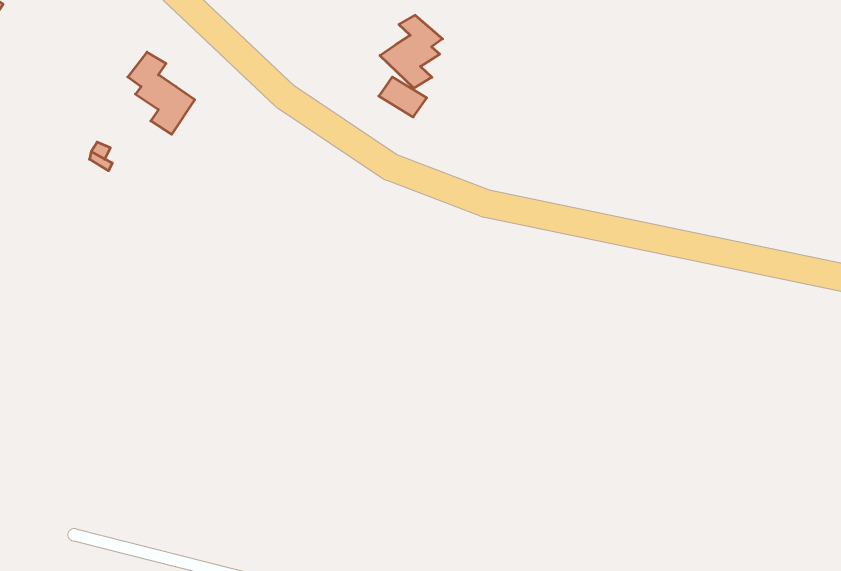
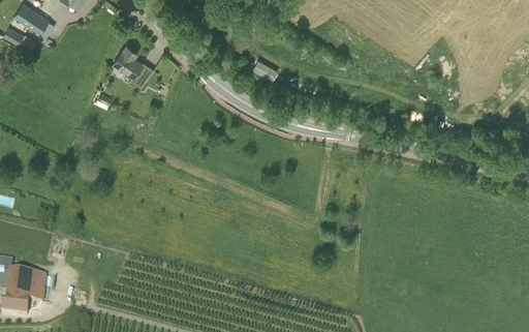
building: [380,15,443,88] -> none

